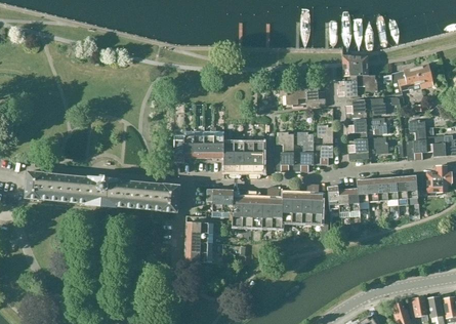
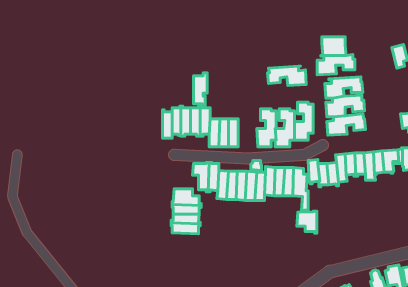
building: [392,68,421,96] -> none
building: [406,120,427,161] -> none
building: [254,139,268,175] -> [193,73,207,107]
building: [26,172,178,212] -> none
building: none -> [297,211,317,233]

